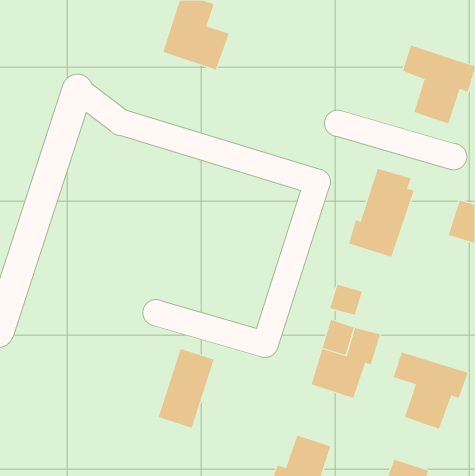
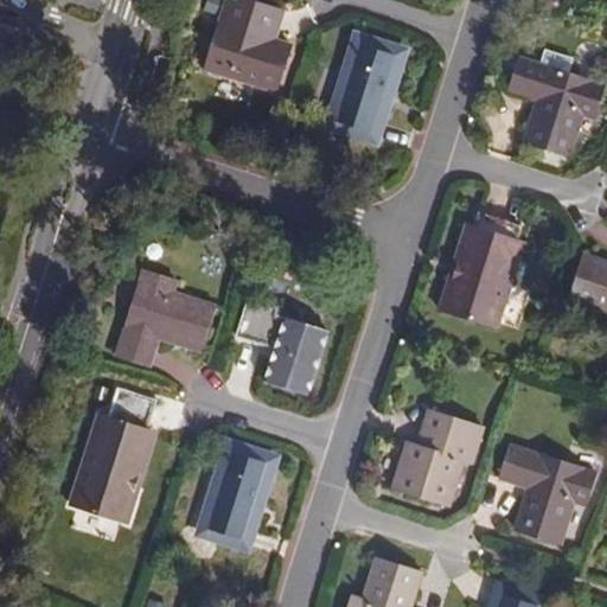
building: none -> [326,32,400,136]
building: none -> [116,268,213,363]
building: none -> [234,295,324,392]
building: [330,284,363,316] -> none
building: none -> [71,388,158,524]

